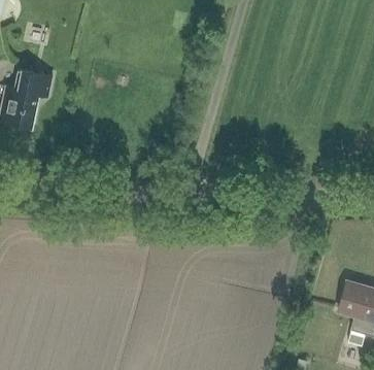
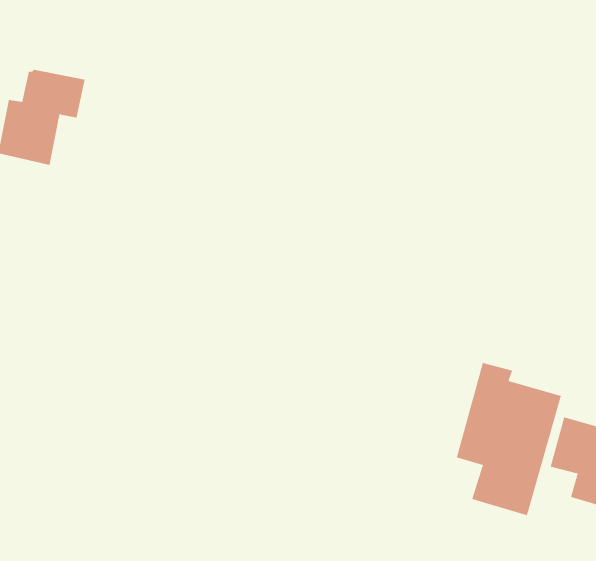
building: none -> [456,362,562,517]

